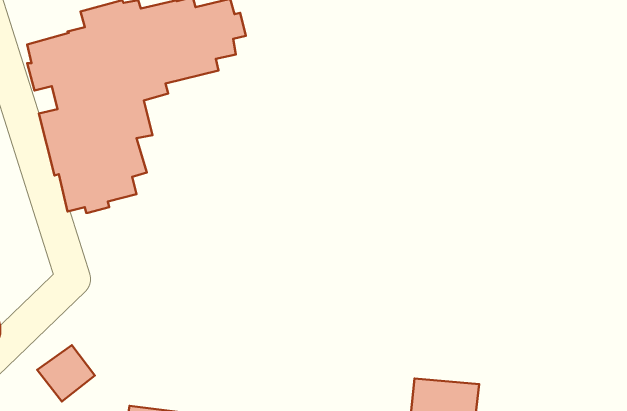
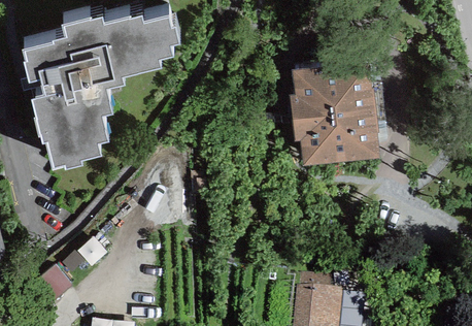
building: none -> [289,60,378,164]

